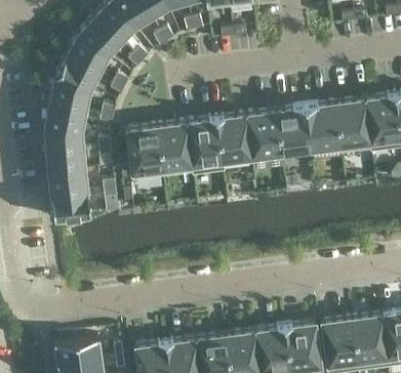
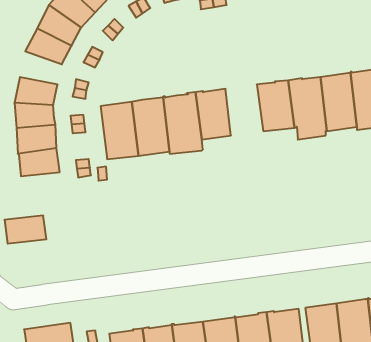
building: [50,77,90,109] -> none
building: [246,109,282,157] -> none
building: [51,192,91,218] -> [4,216,46,244]

